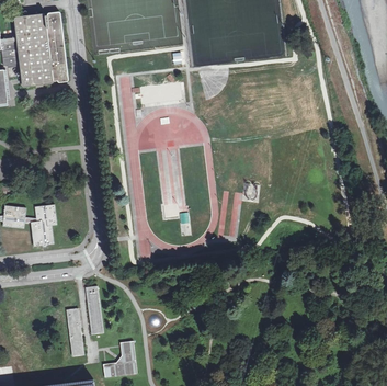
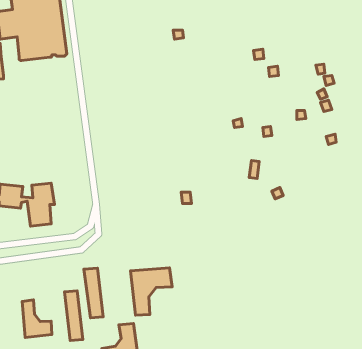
building: none -> [130,268,172,315]
building: none -> [22,300,52,338]

